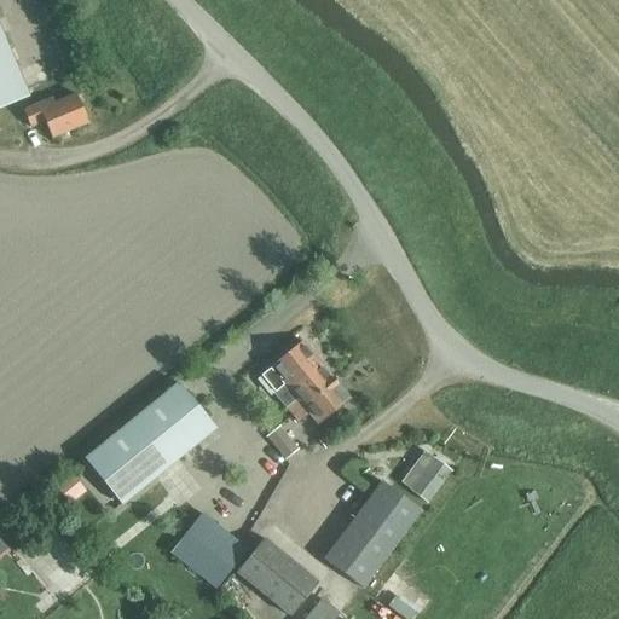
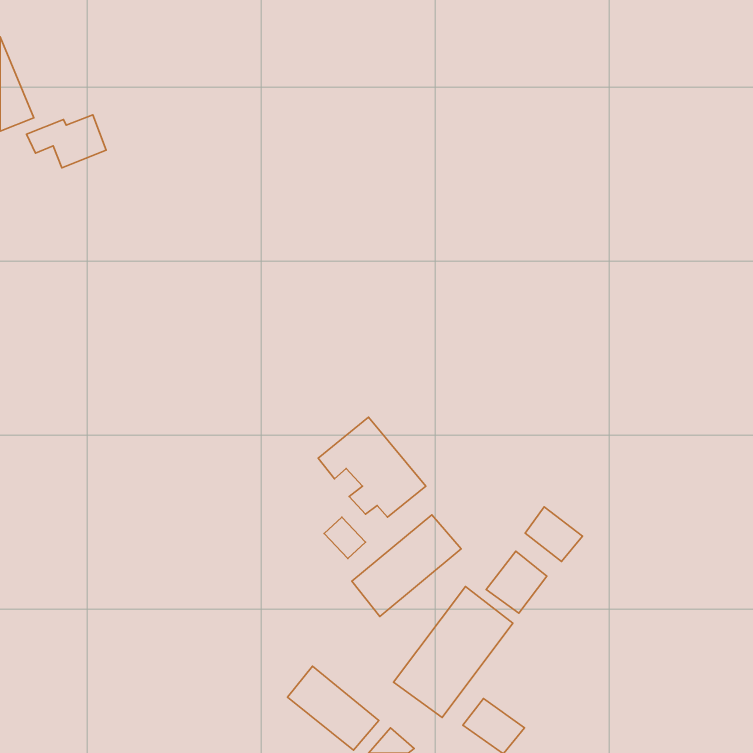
building: [88,375,219,497] -> none
building: none -> [525,507,582,562]
building: none -> [352,515,461,616]
building: [169,513,248,590] -> none

